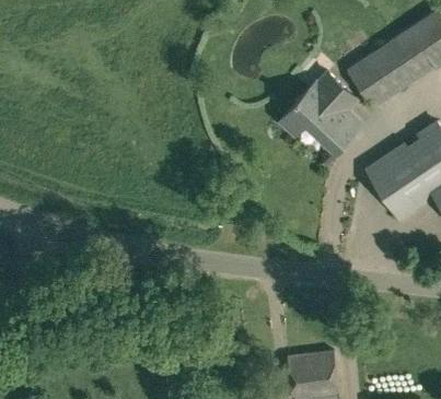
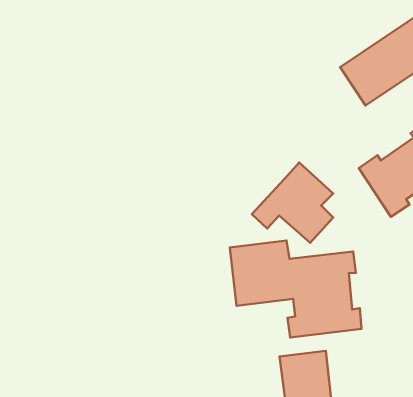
building: [279,70,360,150] -> [252,163,333,243]
building: none -> [230,240,362,338]

